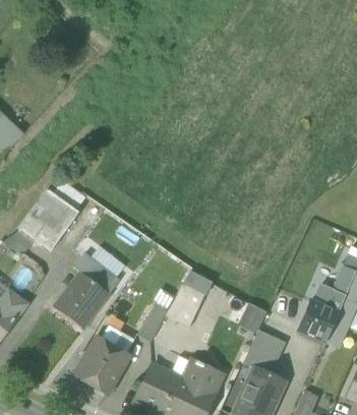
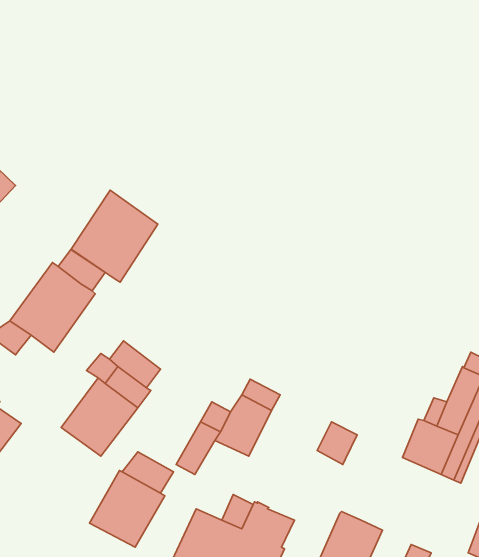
building: none -> [71,190,158,282]
building: [243,330,284,373] -> none

